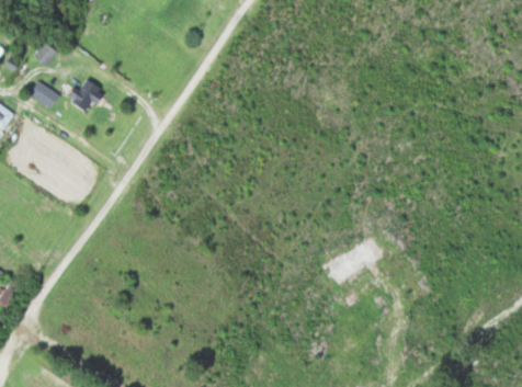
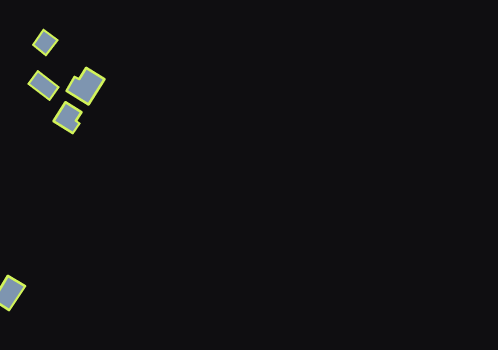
building: none -> [54,102,82,133]

